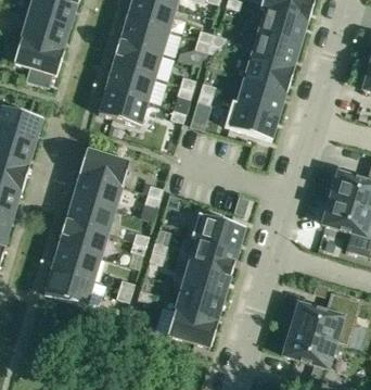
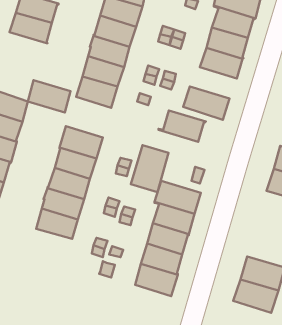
building: [13,38,63,76] -> [28,80,70,112]
building: [231,79,286,116] -> [159,111,206,142]
building: none -> [131,145,168,192]
building: [43,269,93,306] -> none

